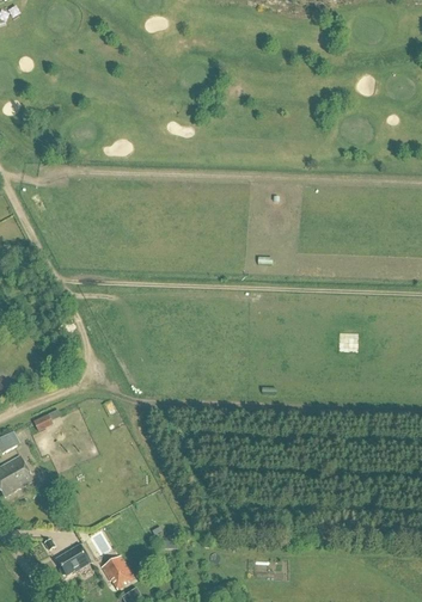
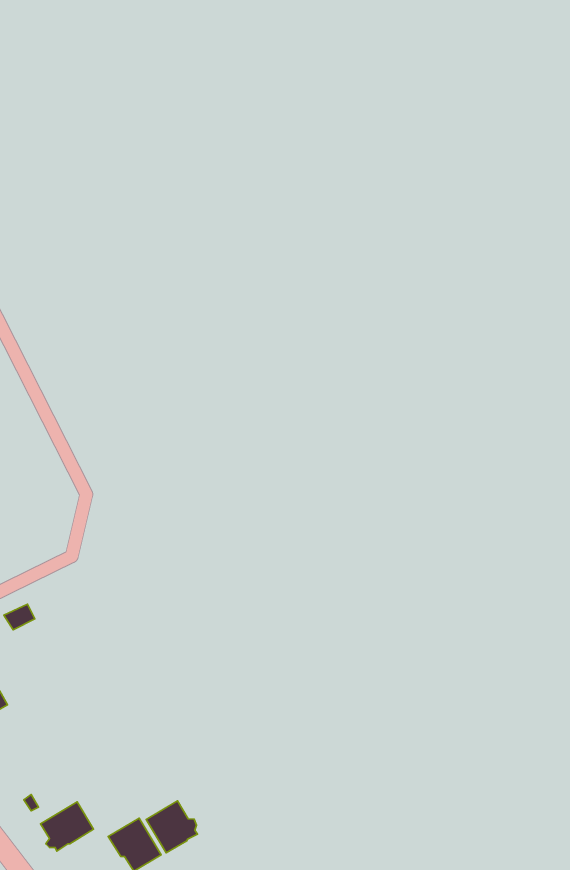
building: none -> [146,801,197,853]

